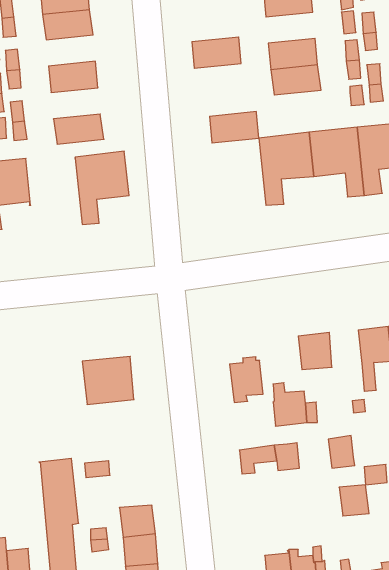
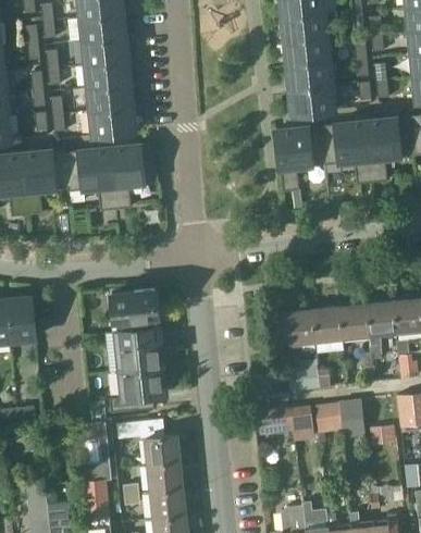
building: none -> [83,36,127,64]
building: [192,37,241,68] -> [282,15,326,44]
building: none -> [87,84,132,112]
building: [210,112,259,143] -> [289,86,334,114]
building: none -> [64,147,115,210]
building: none -> [111,287,159,332]
building: none -> [339,303,369,337]
building: [230,357,263,402] -> [284,306,314,347]
building: none -> [109,367,165,412]
building: none -> [147,435,178,464]
building: [339,485,369,516] -> [314,402,342,431]

